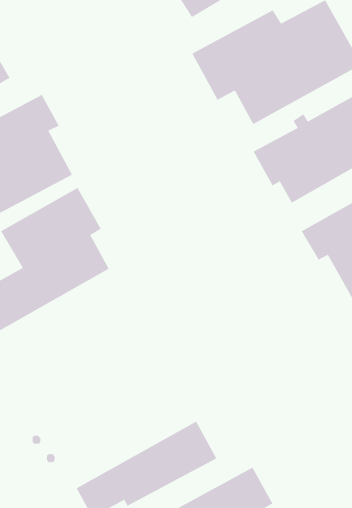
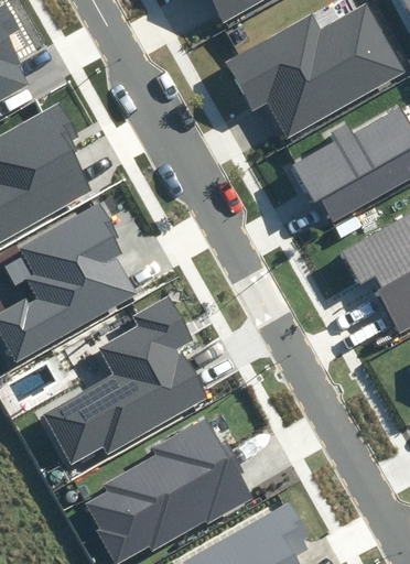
building: none -> [41,295,208,465]
building: none -> [84,416,228,530]

